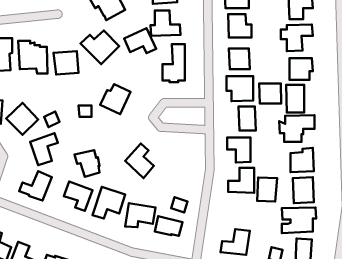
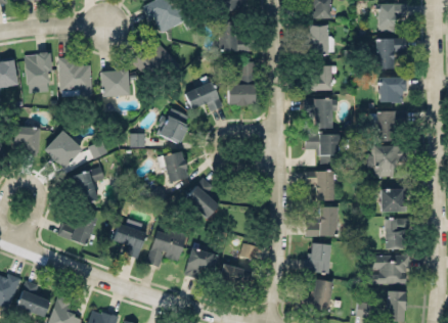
building: [124,28,156,53] -> [185,82,223,111]
building: [259,83,281,104] -> none
building: [74,150,100,177] -> [158,151,187,183]
building: [257,177,277,202] -> [307,244,330,273]

